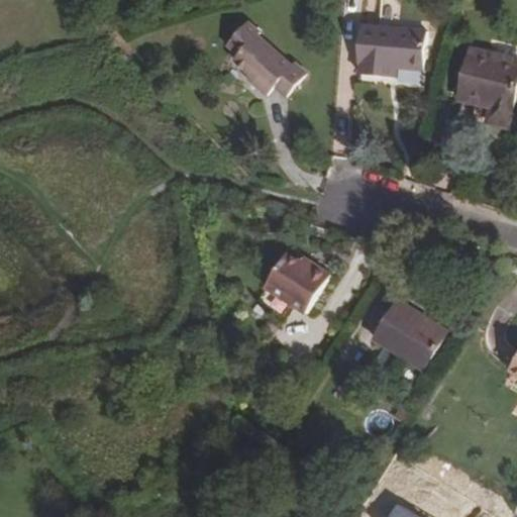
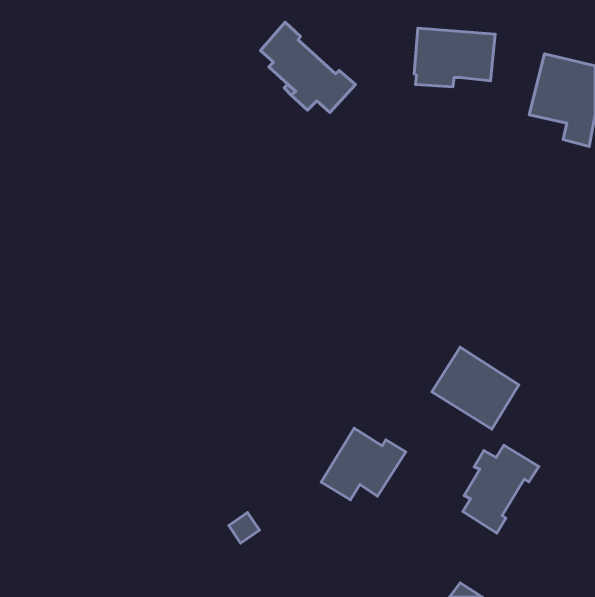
building: [254,253,327,315] -> [321,428,406,500]
building: none -> [463,445,539,533]

